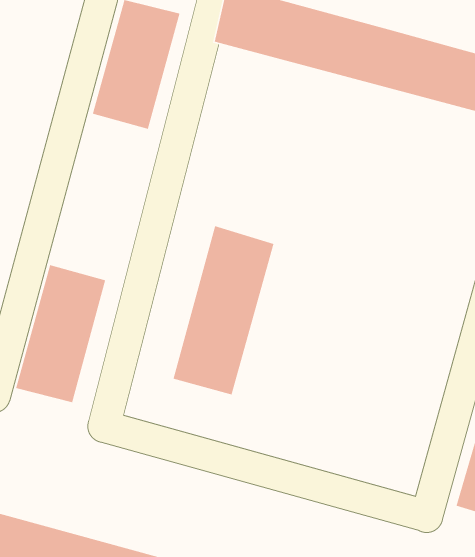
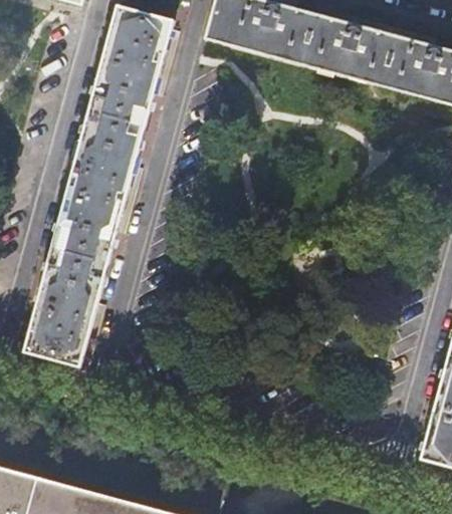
building: none -> [57,105,146,254]
building: [172,225,274,396] -> none

